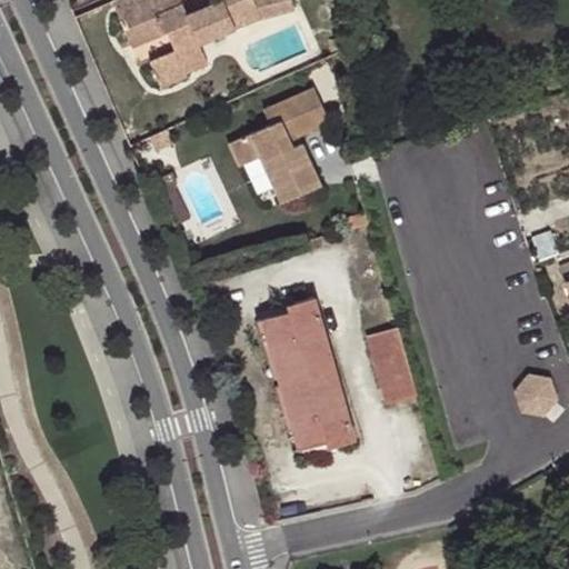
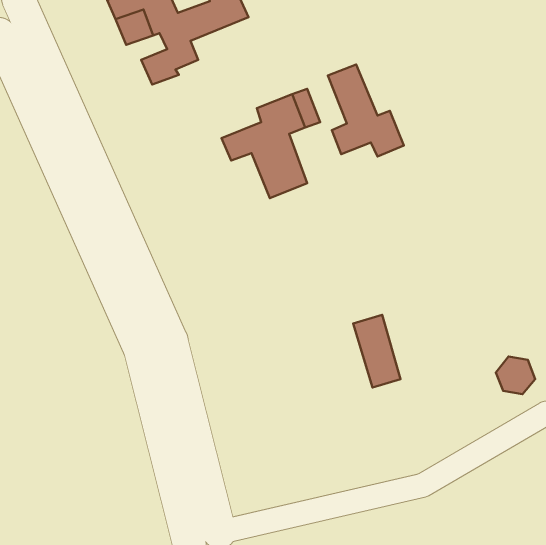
building: none -> [328,64,404,156]
building: [263,298,355,448] -> none

